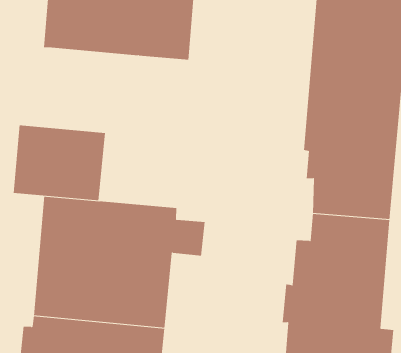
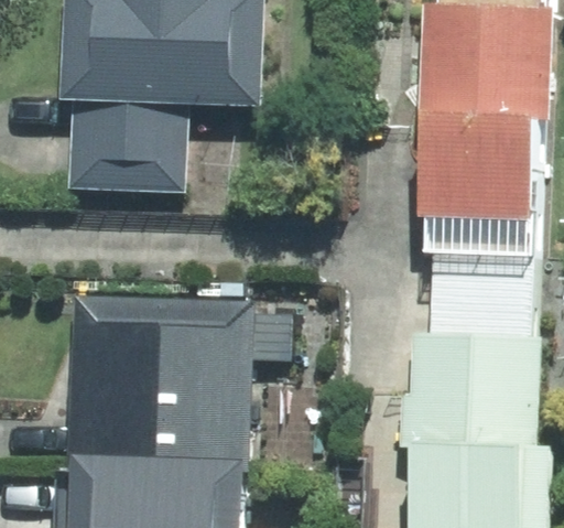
building: [13,125,106,201] -> [69,96,189,192]

